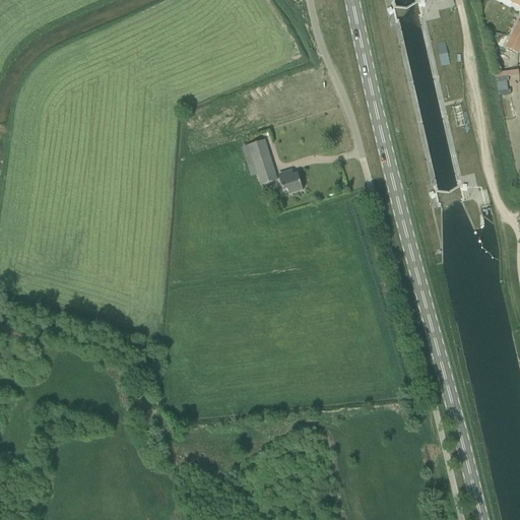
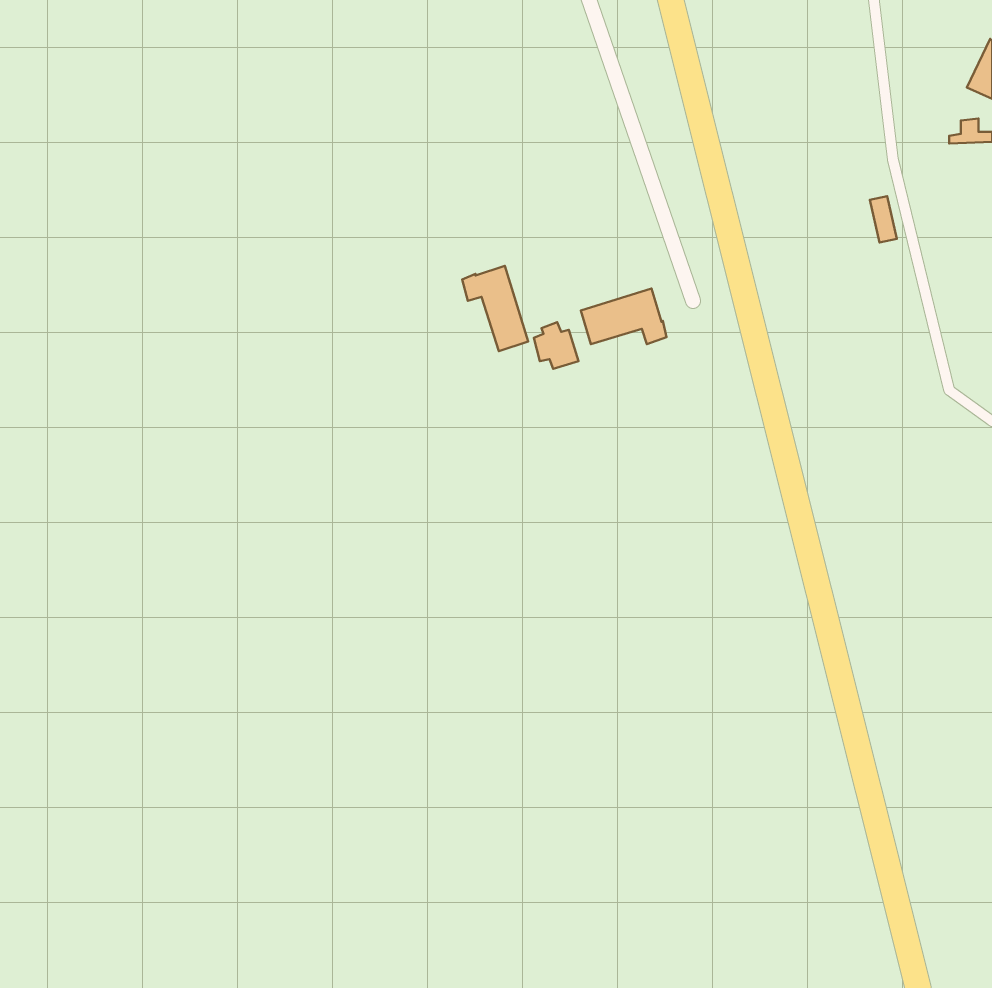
building: none -> [581,288,666,344]

